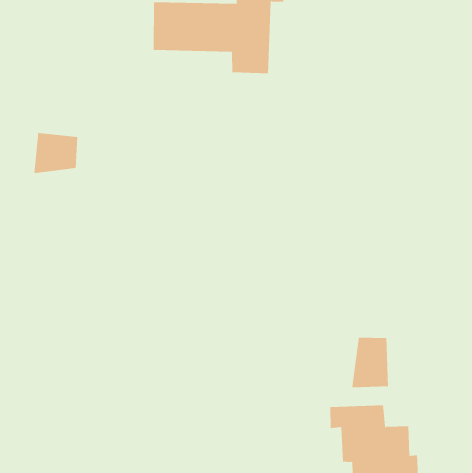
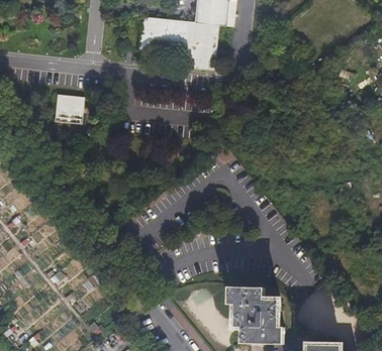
building: [352,337,388,388] -> none

